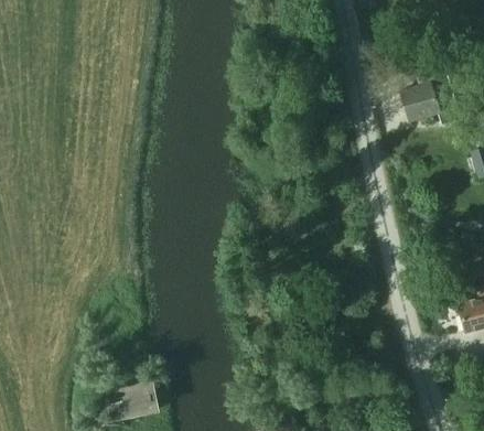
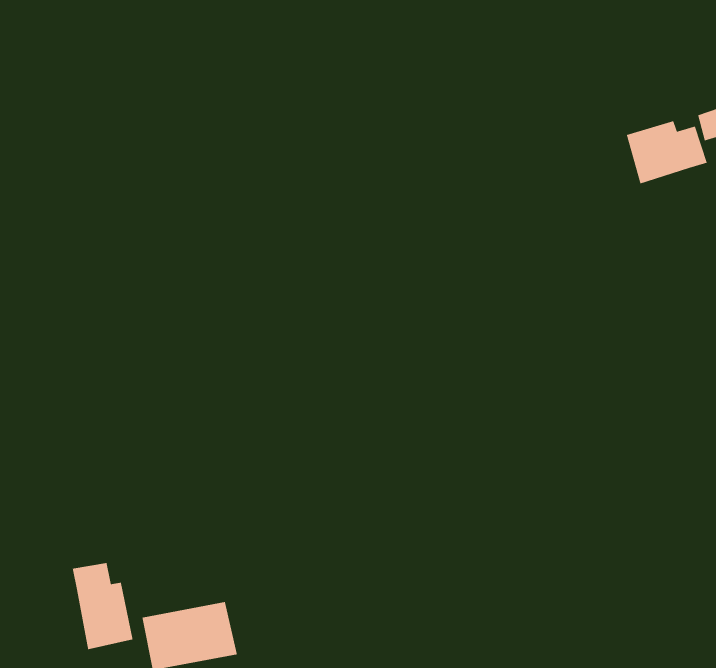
building: none -> [72,562,134,650]

